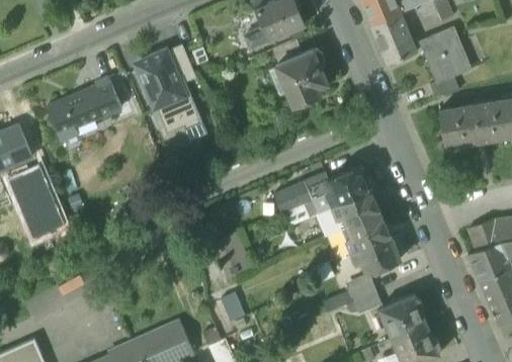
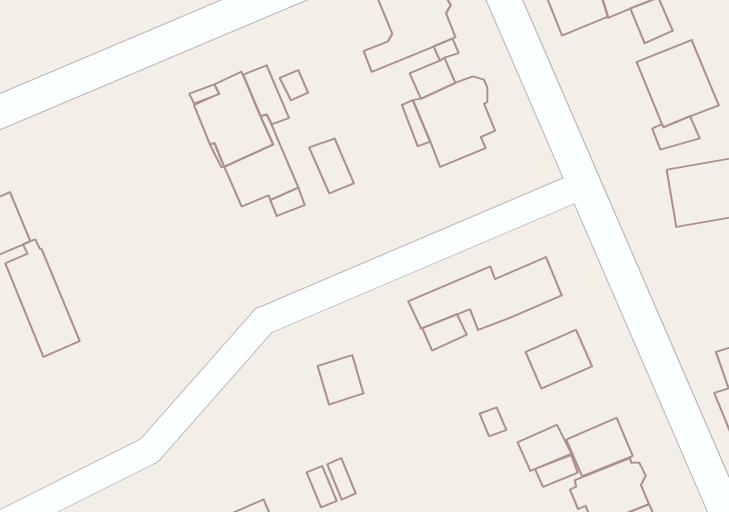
building: [370,13,415,65] -> none
building: [46,78,120,140] -> none
building: none -> [309,138,354,193]
building: [338,191,379,228] -> none
building: [357,237,400,274] -> [566,418,633,476]

